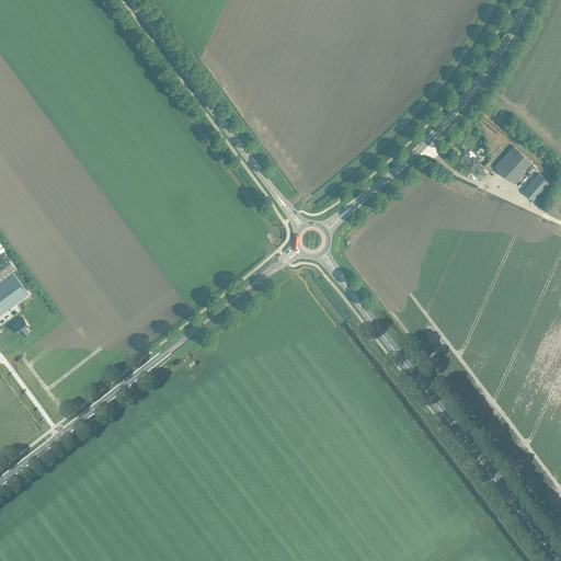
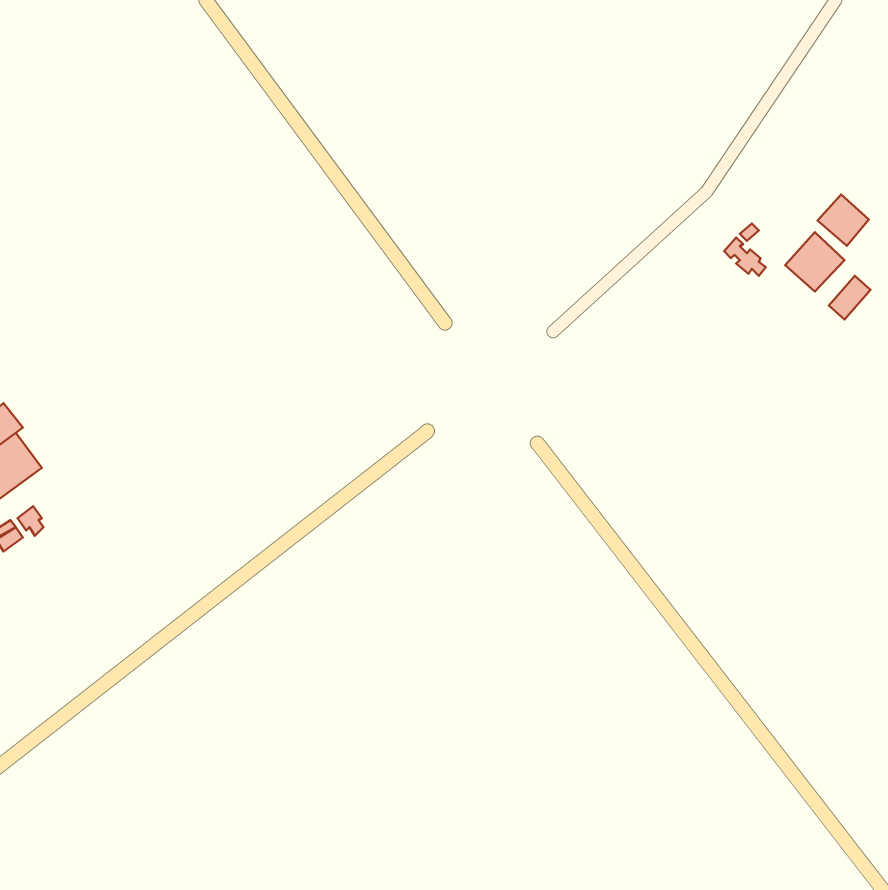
building: none -> [818,194,869,246]

